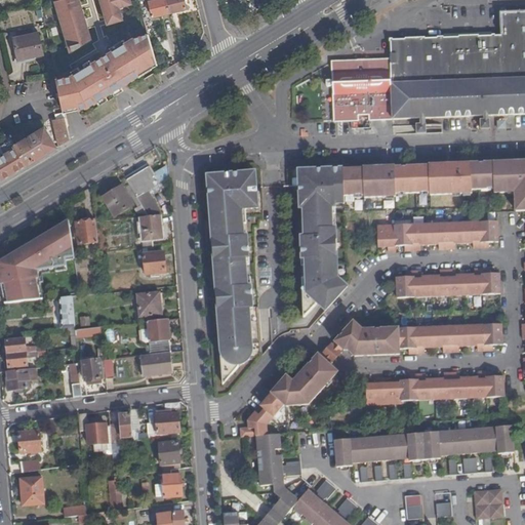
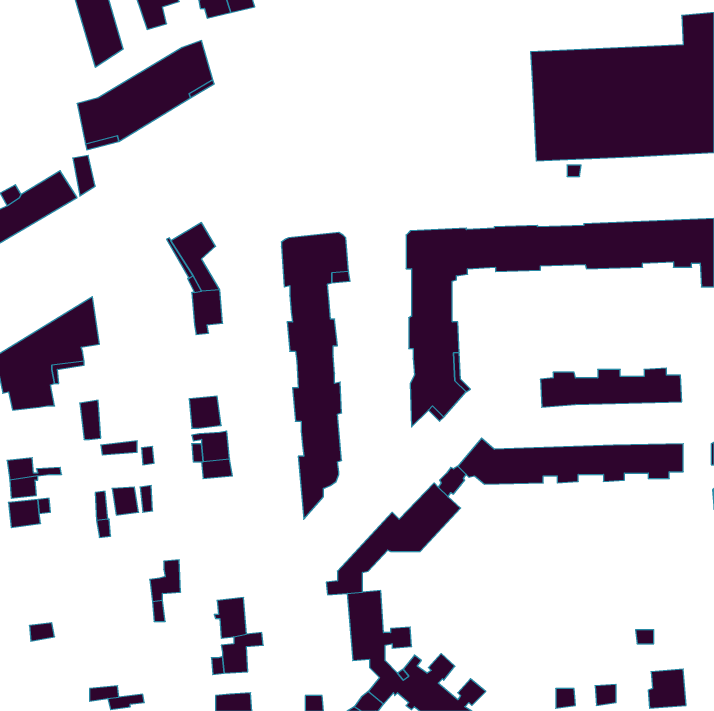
building: [13,31,43,56] -> none
building: [331,57,393,120] -> none
building: [102,183,132,213] -> none
building: [76,217,97,241] -> none
building: [376,225,497,254] -> none
building: [144,243,165,271] -> none
building: [139,349,172,372] -> none
building: [365,371,502,403] -> none
building: [156,407,180,431] -> none
building: [78,410,108,447] -> none
building: [334,426,513,470] -> none
building: [18,429,41,450] -> none
building: [21,474,44,501] -> none

